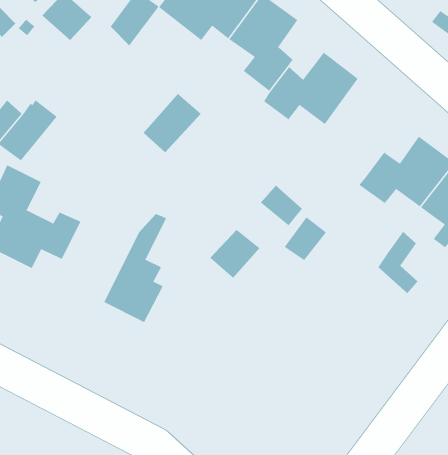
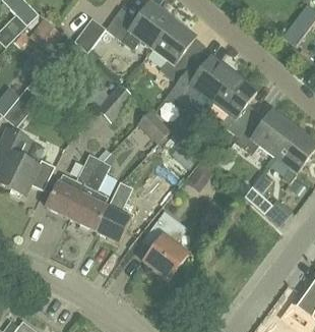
building: none -> [213,73,257,136]
building: none -> [137,109,172,144]
building: none -> [48,153,105,217]
building: none -> [98,181,135,241]
building: none -> [143,210,188,279]

